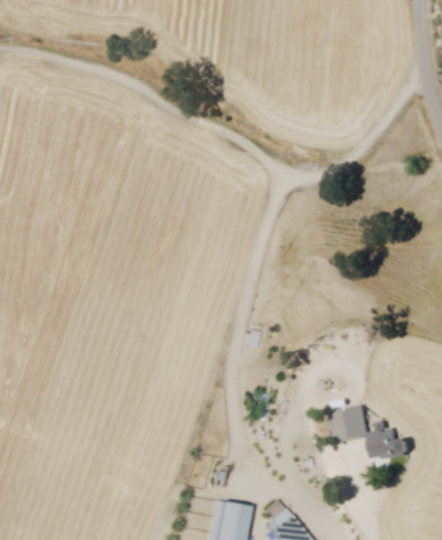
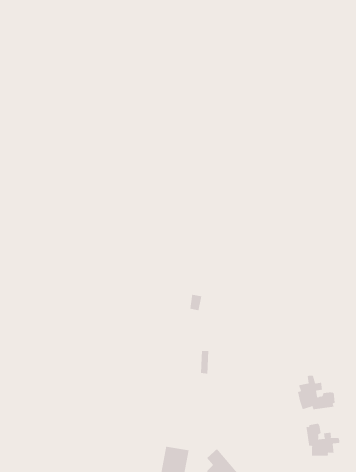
building: [330,407,369,444] -> none
building: none -> [306,423,340,457]

